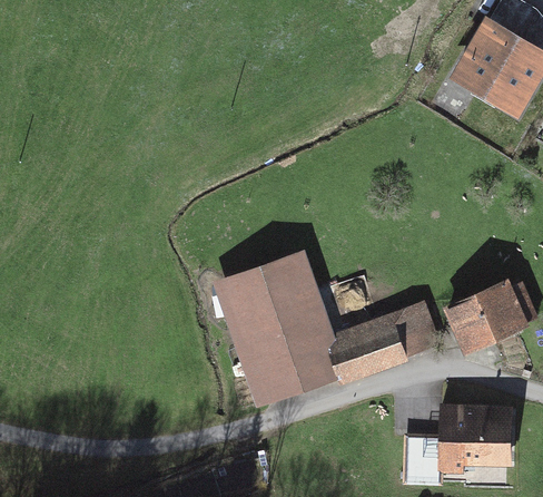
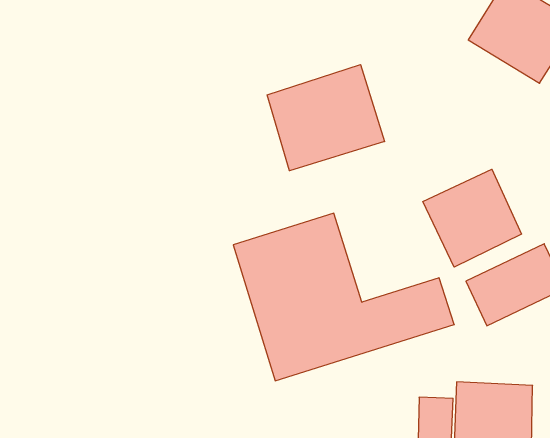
building: none -> [267,65,385,171]
building: none -> [423,169,522,267]

